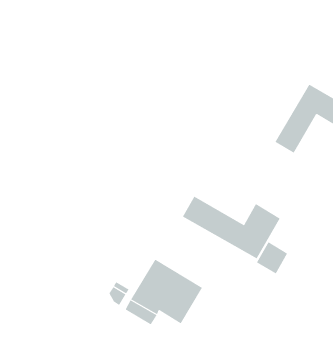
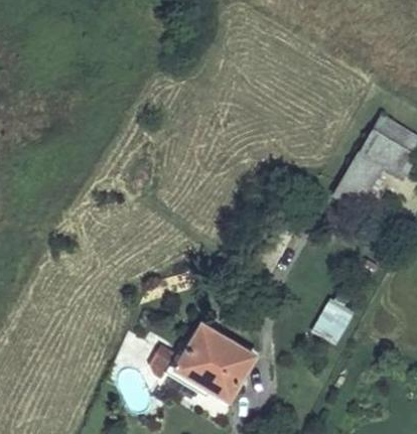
building: [182,196,281,259] -> none

